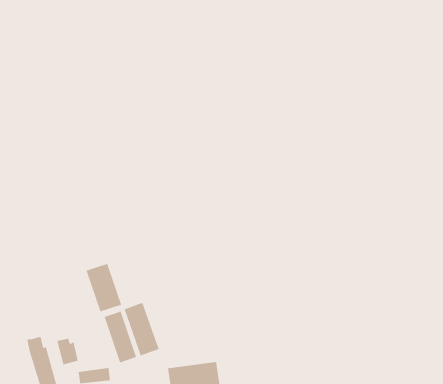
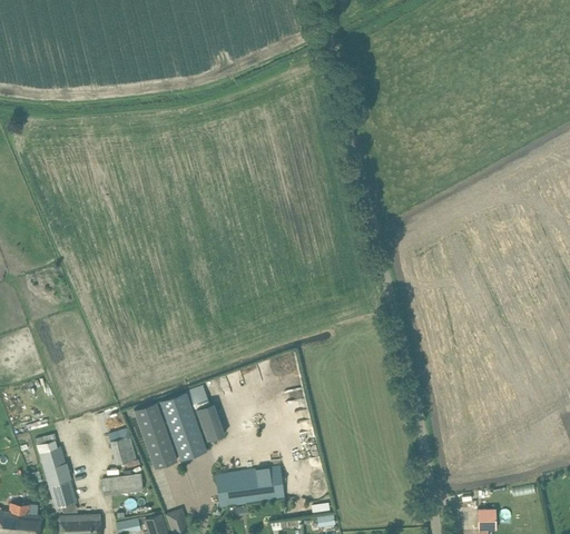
building: [86,263,122,312] -> none
building: none -> [196,402,225,441]
building: [57,338,78,365] -> [108,431,136,465]

